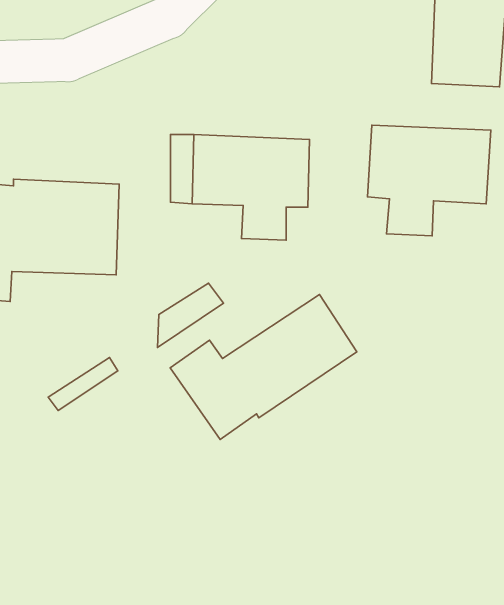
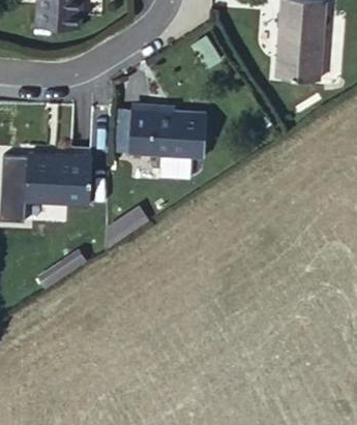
building: [367,125,491,236] -> none
building: [170,295,357,439] -> none

